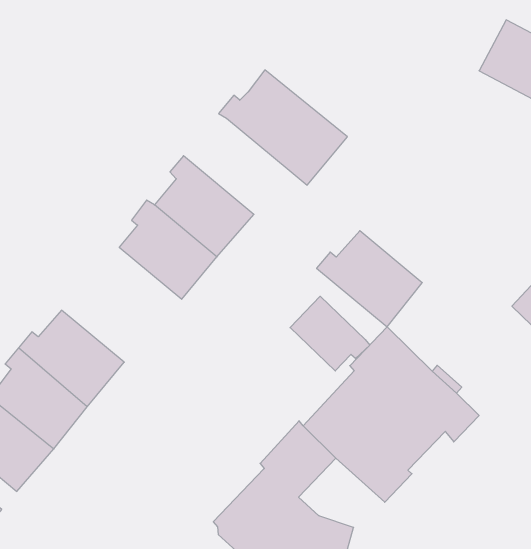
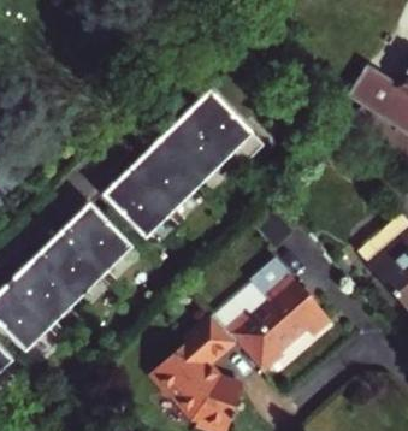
building: [317,231,422,327] -> [154,116,221,179]
building: none -> [61,201,132,267]
building: [290,296,370,371] -> none

